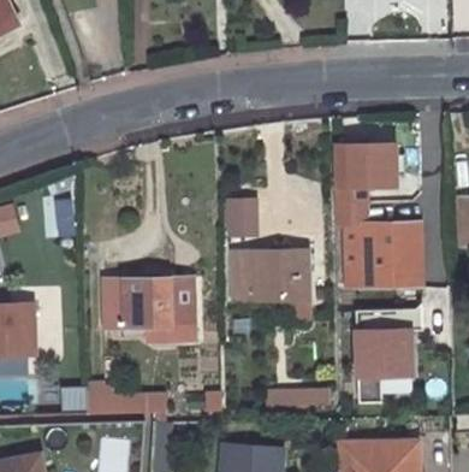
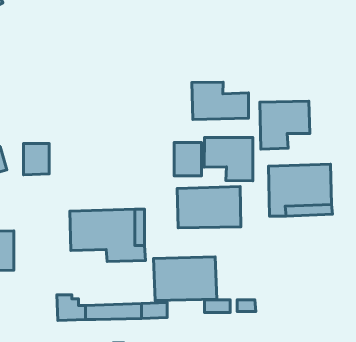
building: none -> [192,82,249,119]
building: none -> [204,137,253,181]
building: [358,299,426,402] -> none
building: none -> [154,257,217,301]

